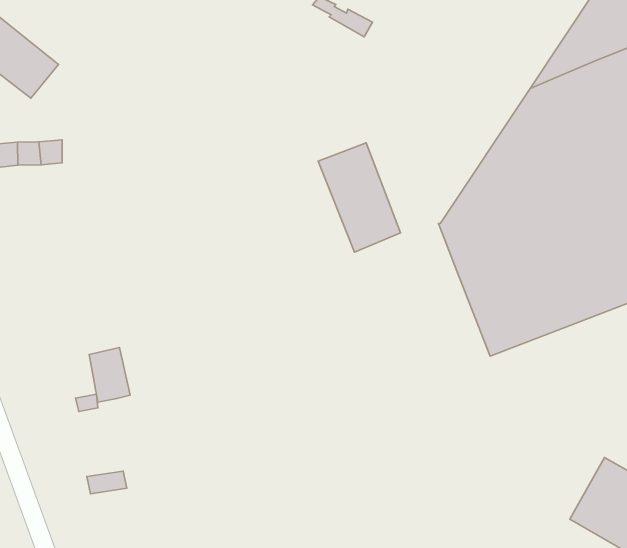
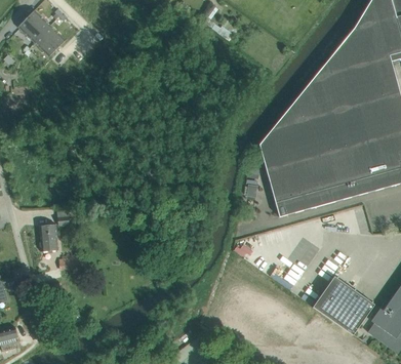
building: [318,143,400,252] -> none
building: [89,348,130,402] -> [39,225,58,252]

